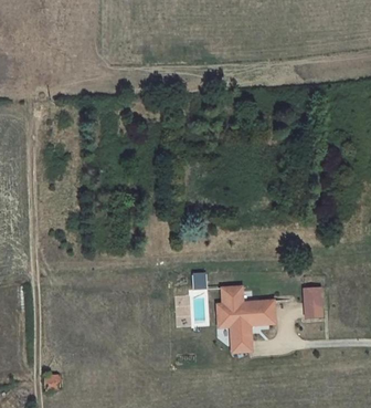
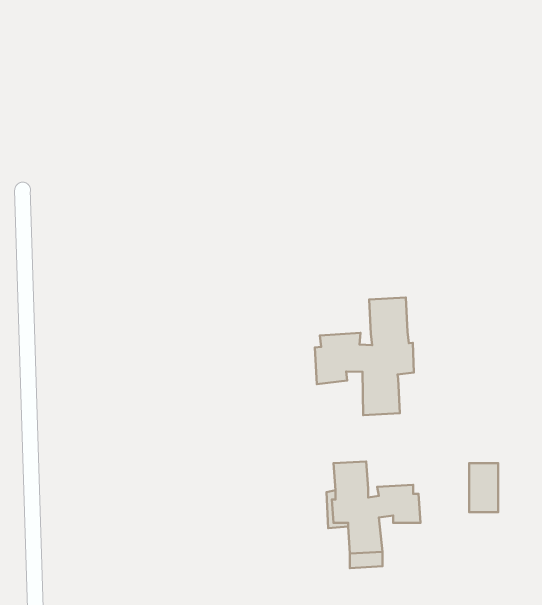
building: none -> [315,298,414,415]

